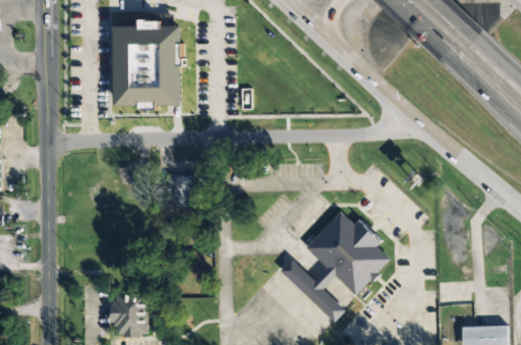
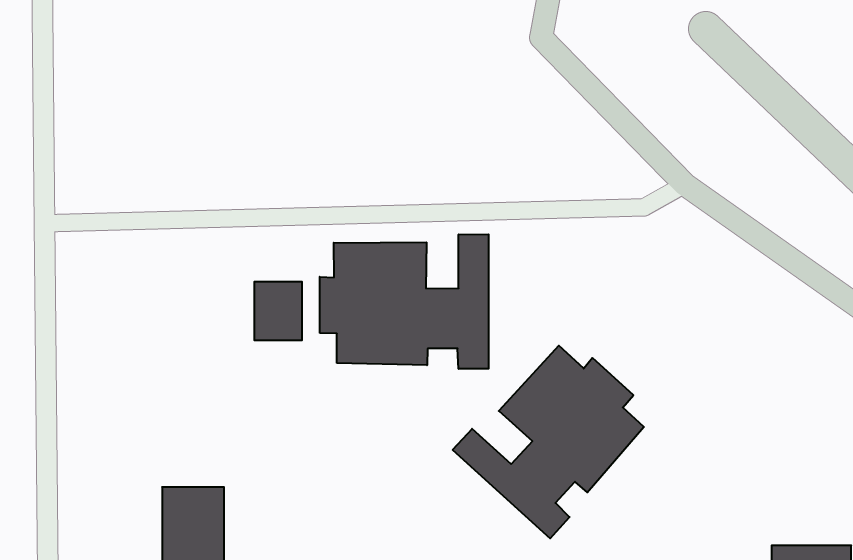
building: [113,26,181,106] -> none
building: none -> [320,234,489,369]

